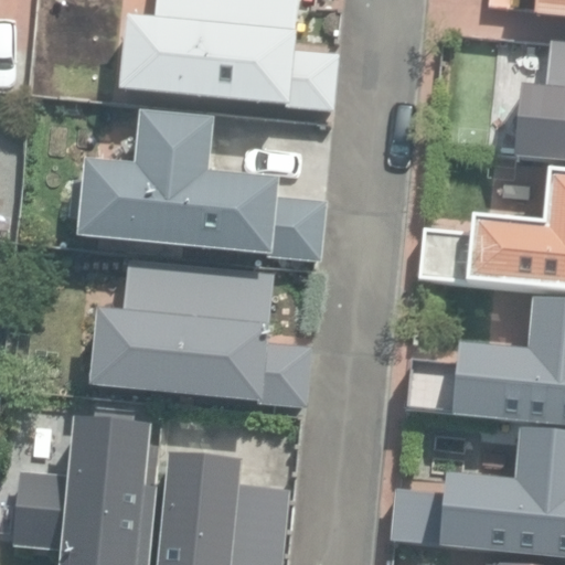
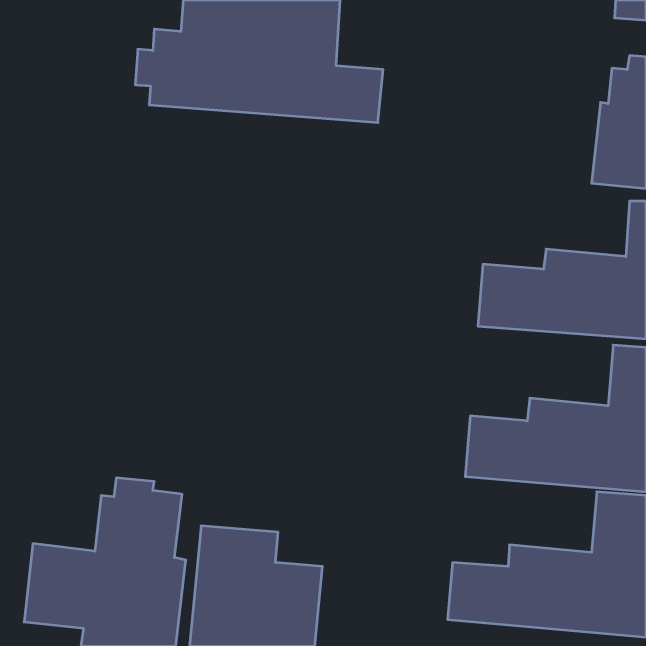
building: [72,116,319,250] -> none
building: [85,260,300,392] -> none

